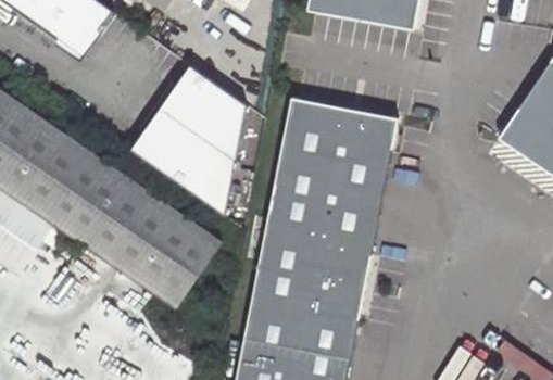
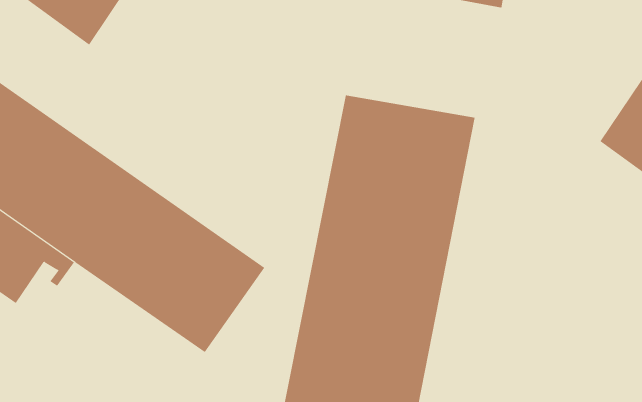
building: [130,67,244,219] -> none

